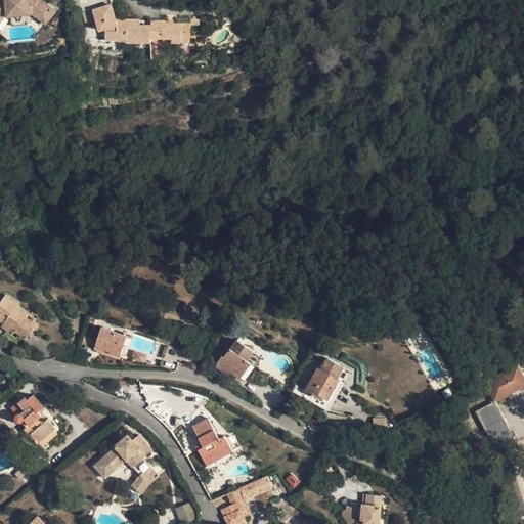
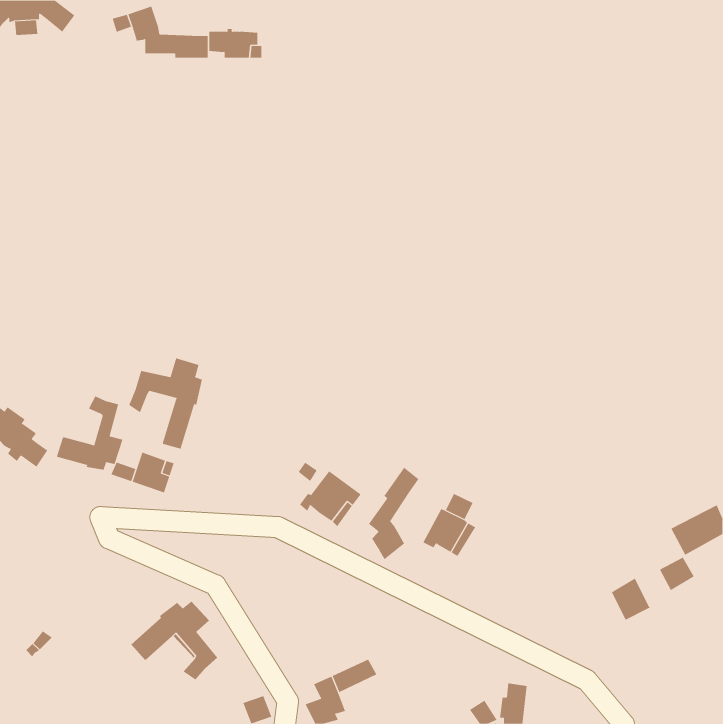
building: none -> [128,357,203,450]
building: none -> [56,396,123,470]
building: none -> [368,467,419,560]
building: [11,394,54,443] -> none
building: [484,417,513,447] -> [611,578,651,620]
building: [191,418,232,466] -> none

